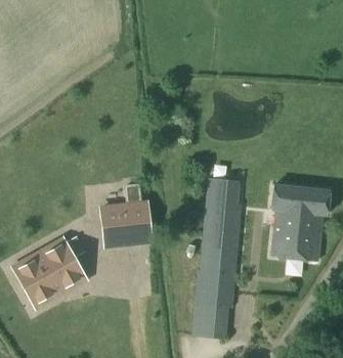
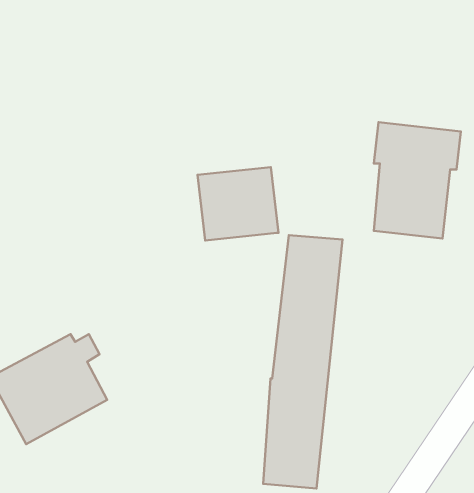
building: [270,183,329,261] -> [374,122,461,238]
building: [98,199,153,249] -> [197,167,278,241]

